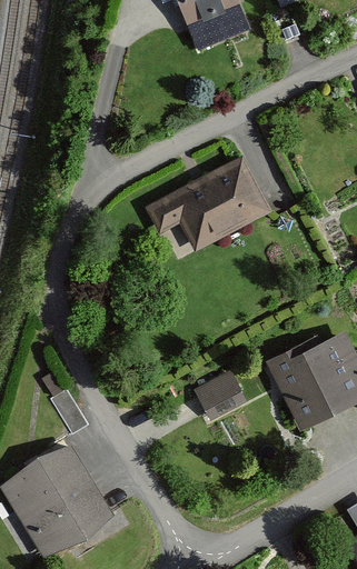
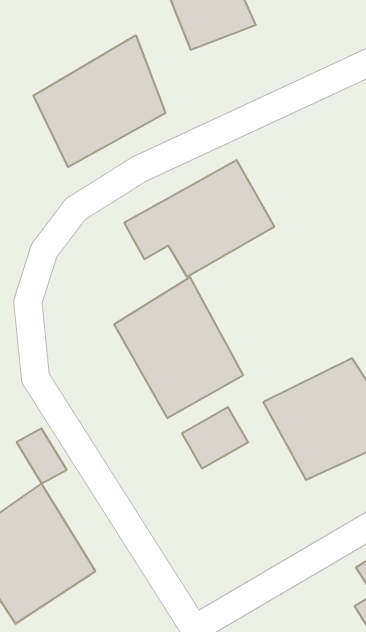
building: none -> [33,35,165,167]
building: none -> [114,277,243,418]

